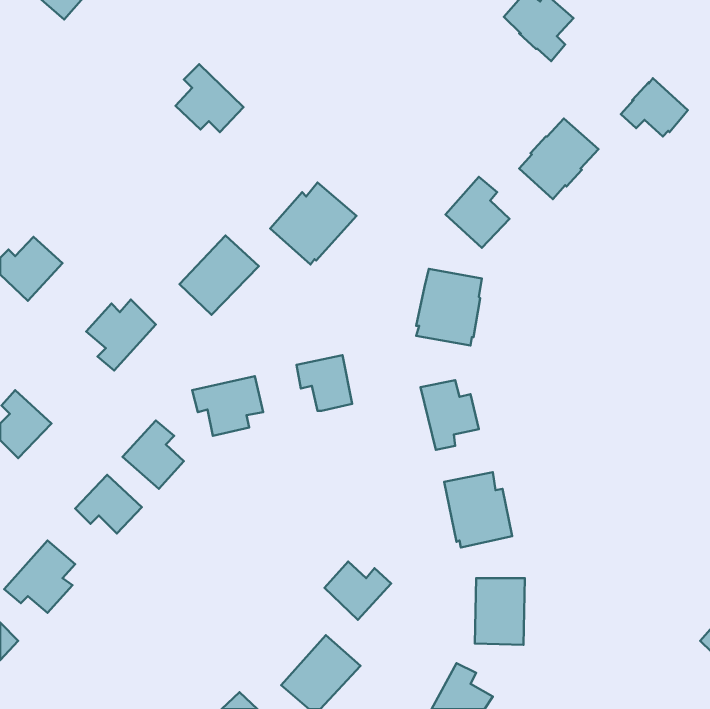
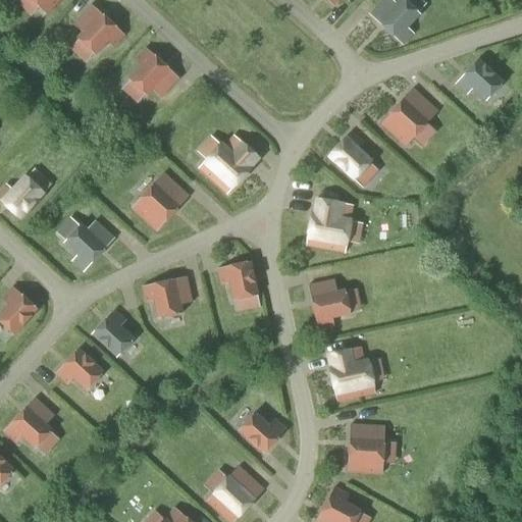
building: none -> [74,4,125,55]

